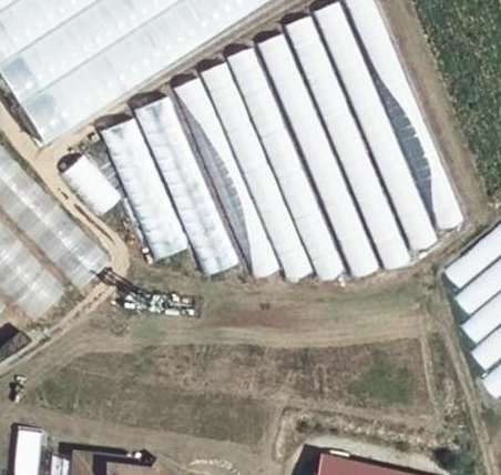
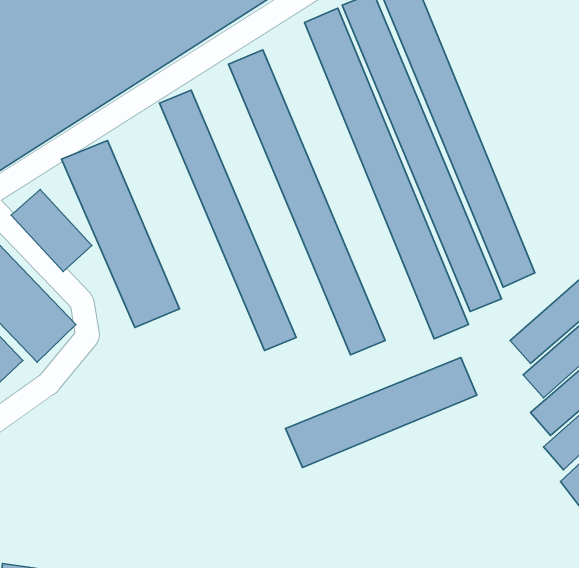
building: [258,34,380,276] -> none
building: [201,62,313,281] -> none
building: [134,95,242,277] -> none
building: none -> [286,357,477,467]

